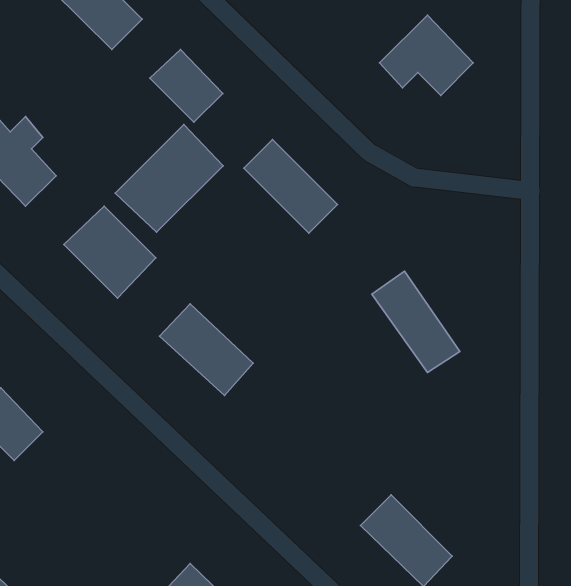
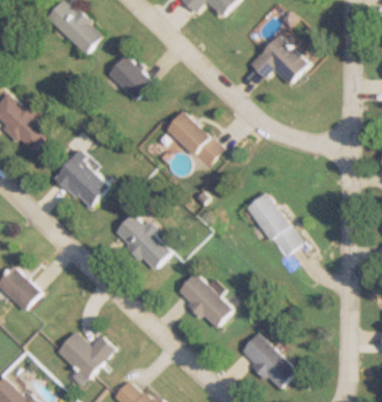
building: [115,124,223,232] -> none
building: none -> [175,272,233,328]
building: none -> [55,330,115,379]

